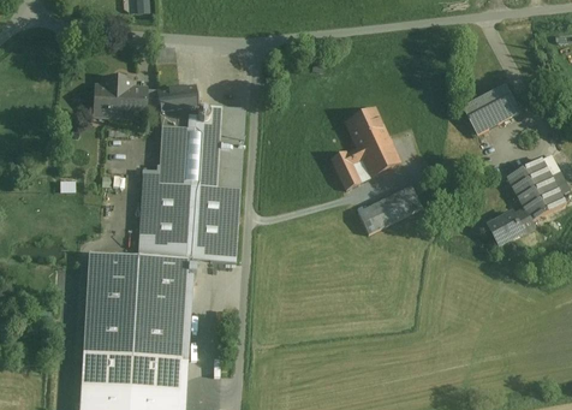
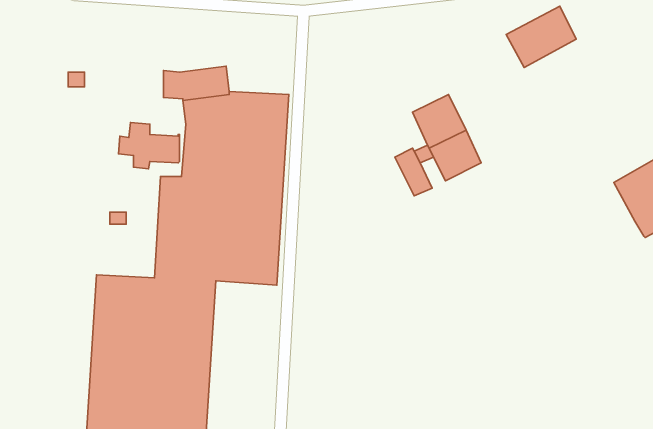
building: [95,78,144,115] -> [119,123,180,169]
building: [464,84,520,133] -> [506,6,576,67]
building: [358,184,422,233] -> none
building: [489,209,531,245] -> none

